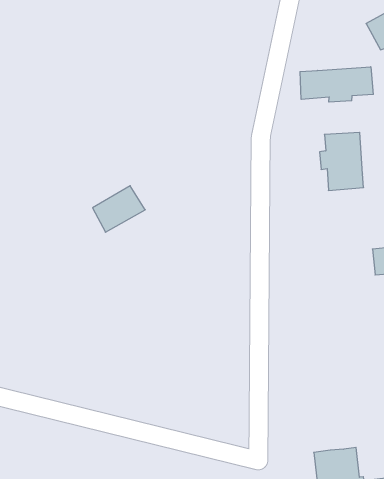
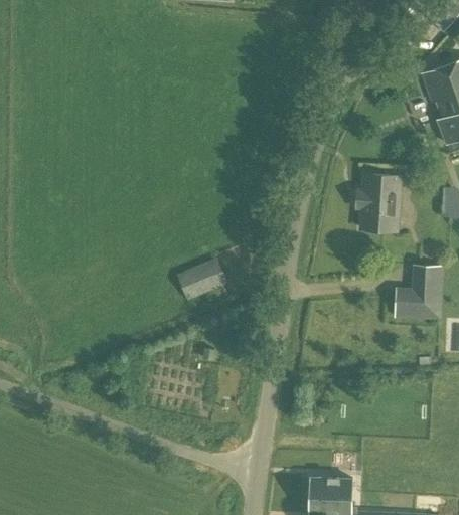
building: [300,67,373,102] -> none
building: [93,186,145,232] -> [178,259,228,300]

